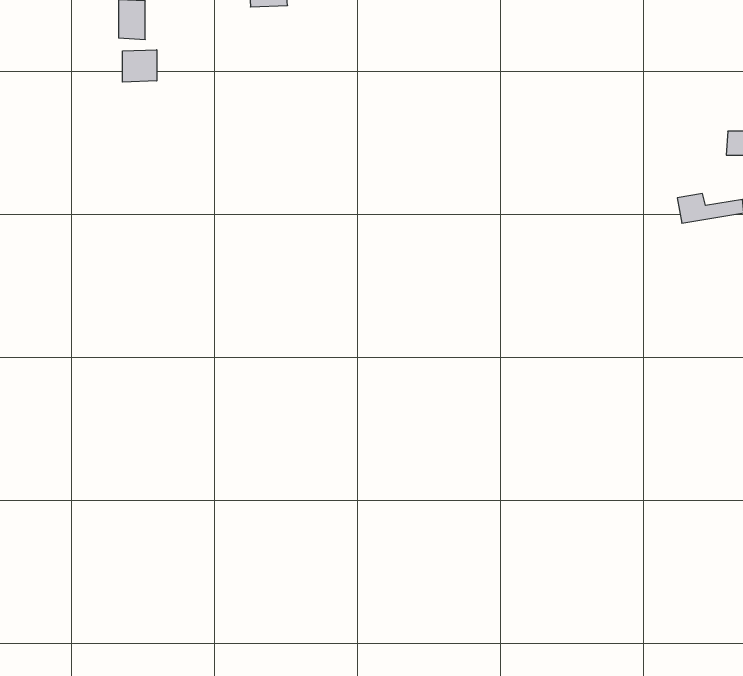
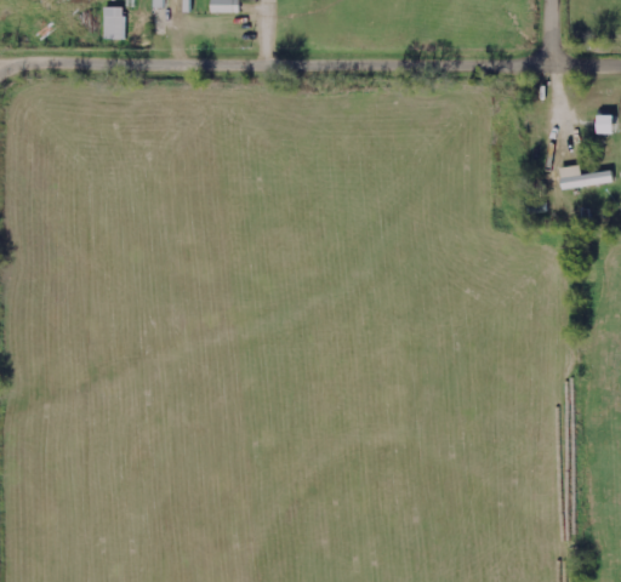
building: [123,50,157,82] -> none

